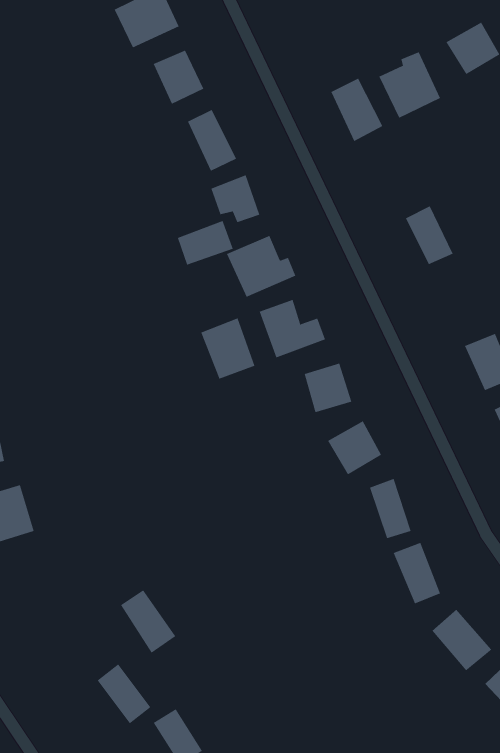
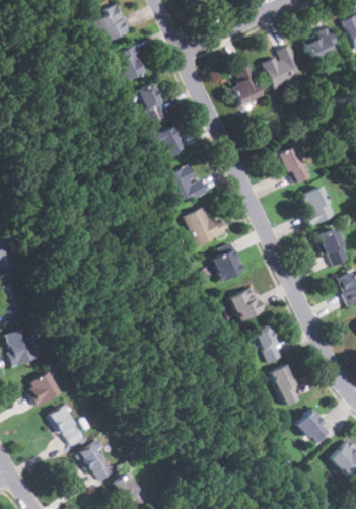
building: [177,220,234,265] -> none
building: none -> [298,186,335,225]
building: [201,317,255,379] -> none
building: none -> [25,372,61,408]
building: [120,590,176,653] -> [48,407,84,448]

